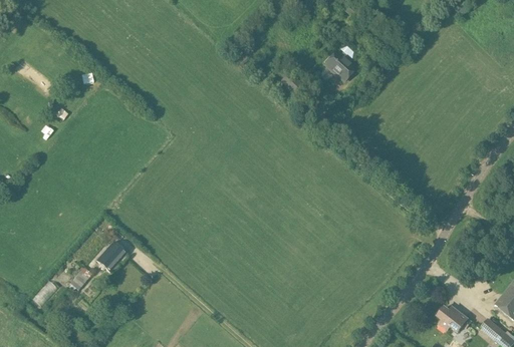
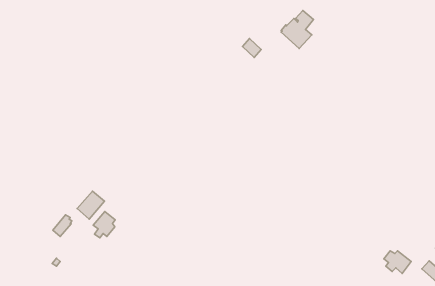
building: none -> [93,211,115,238]

